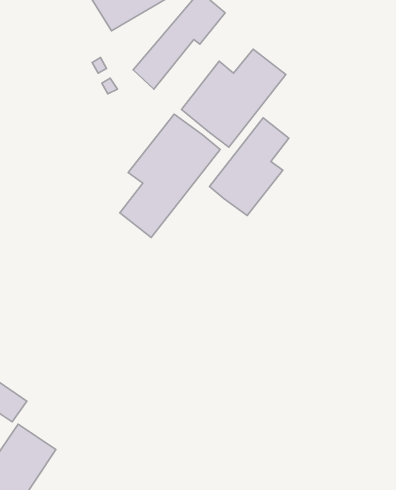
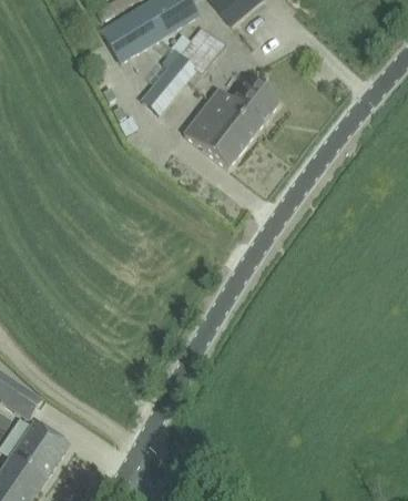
building: [120,114,220,237] -> none
building: [209,118,289,216] -> none

